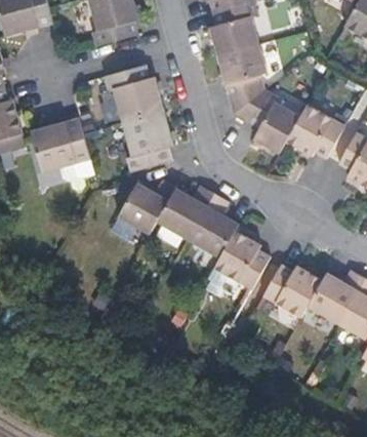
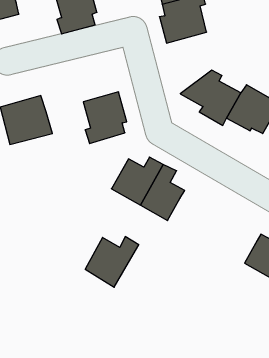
building: [218,44,270,114] -> none
building: [105,65,164,123] -> none
building: [115,178,175,236] -> [85,237,139,287]
building: [213,232,270,291] -> none
building: [262,266,321,318] -> none

